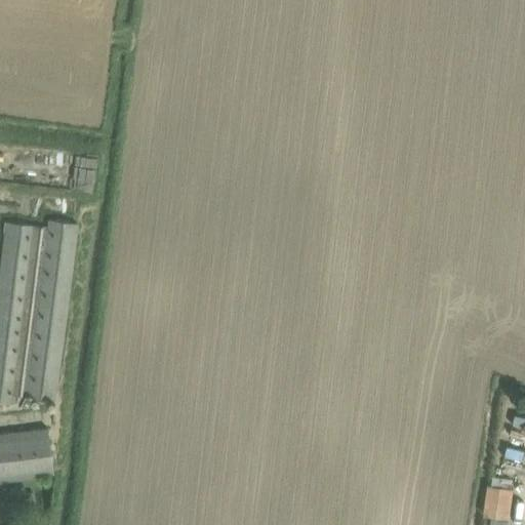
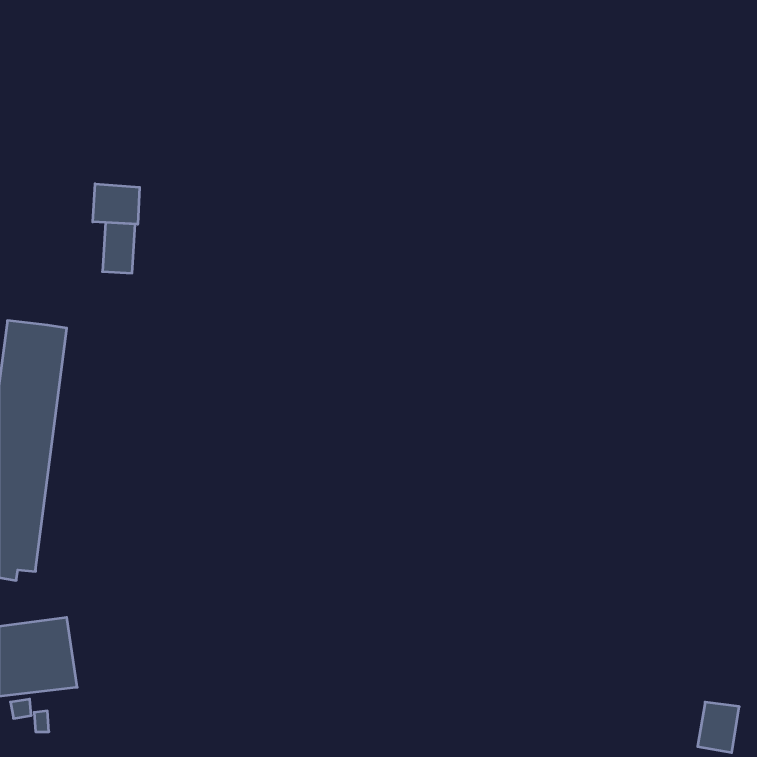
building: none -> [93,184,140,224]
building: [25,220,76,398] -> none

